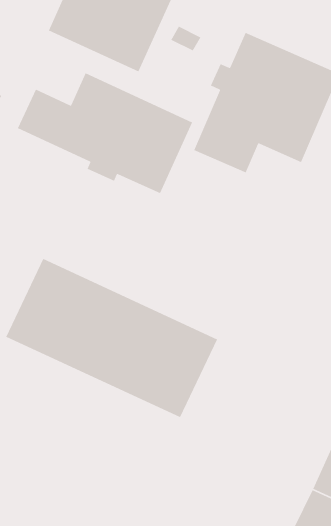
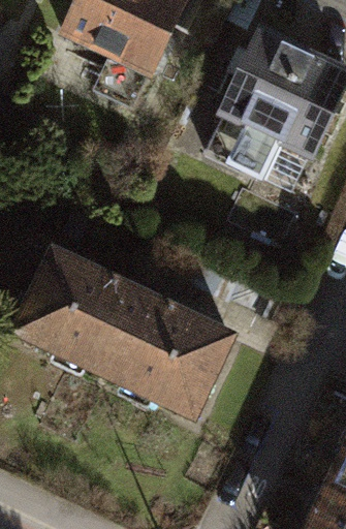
building: [17,72,193,194] -> none

